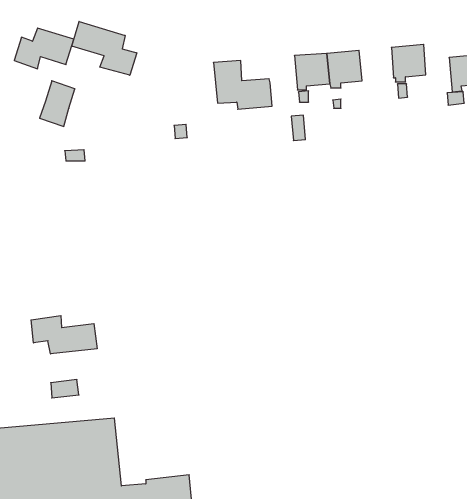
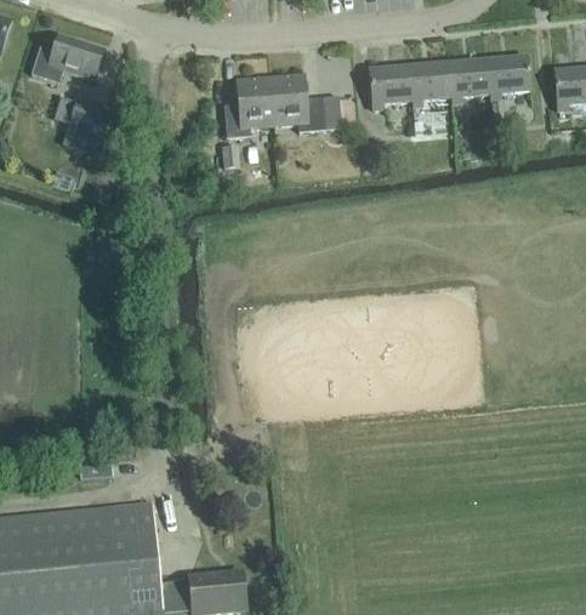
building: [72,21,137,75] -> none
building: none -> [445,58,487,103]
building: none -> [224,76,275,138]
building: [31,316,97,354] -> none

